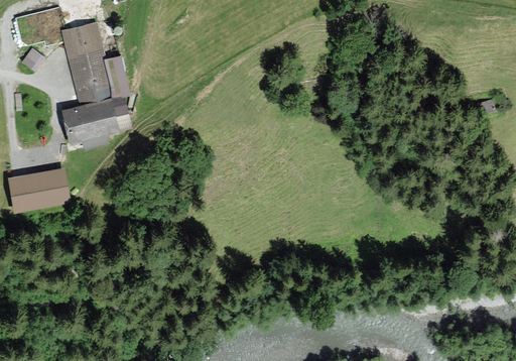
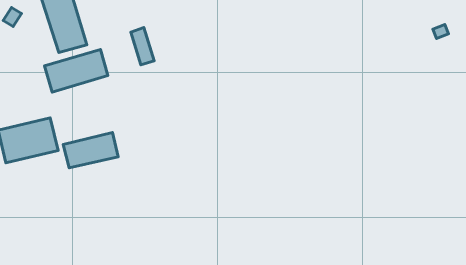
building: [106,56,128,96] -> [131,27,154,65]
building: none -> [63,133,118,168]

